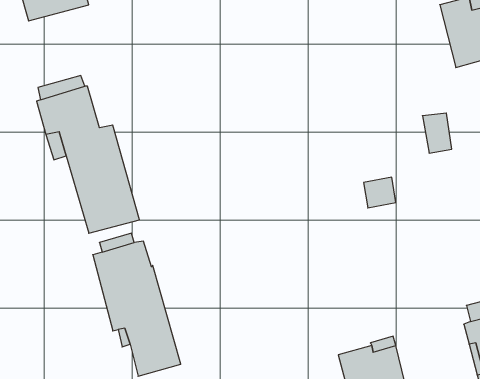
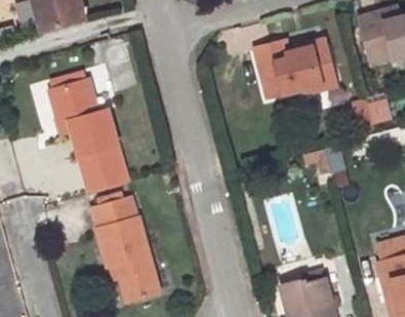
building: none -> [256,41,335,97]

